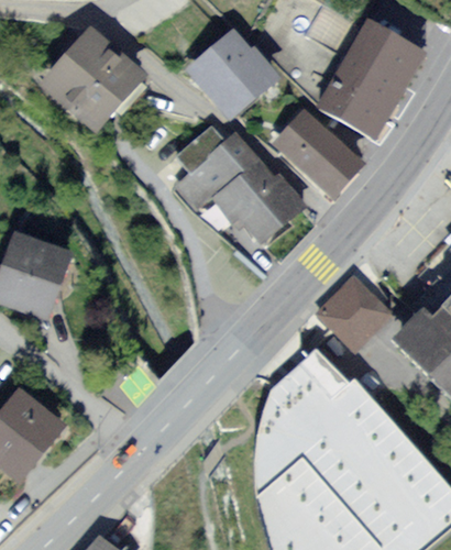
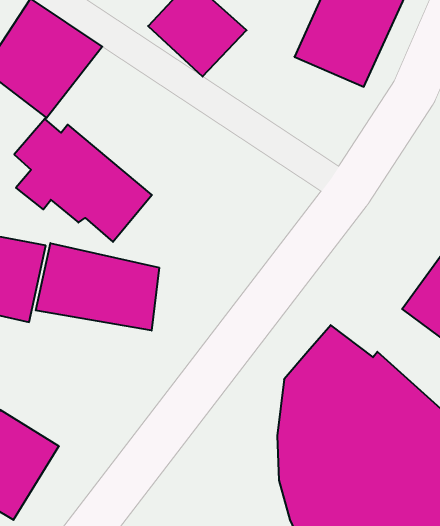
building: [271,108,364,199] -> none
building: [179,129,299,245] -> [14,119,152,242]
building: none -> [36,243,159,331]
building: [317,275,394,351] -> none

